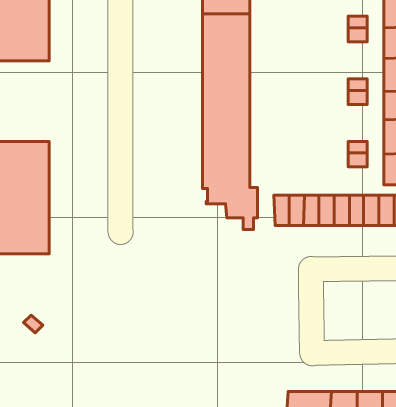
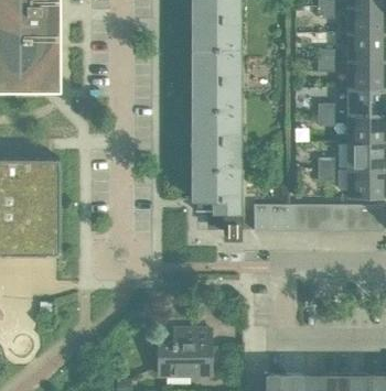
building: none -> [158,329,212,374]

